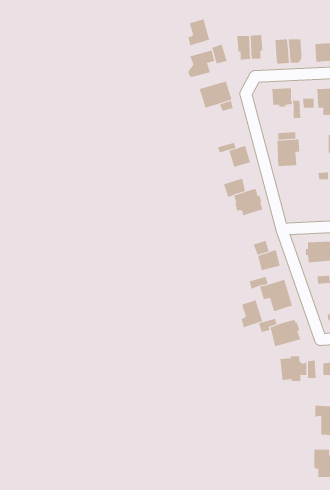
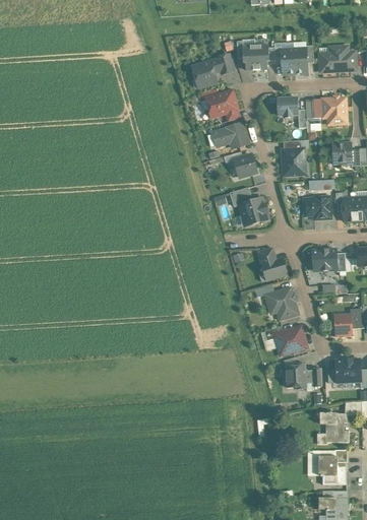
building: [188,18,210,46] -> none
building: none -> [212,122,247,146]
building: none -> [304,196,330,217]
building: [241,300,263,328] -> none

